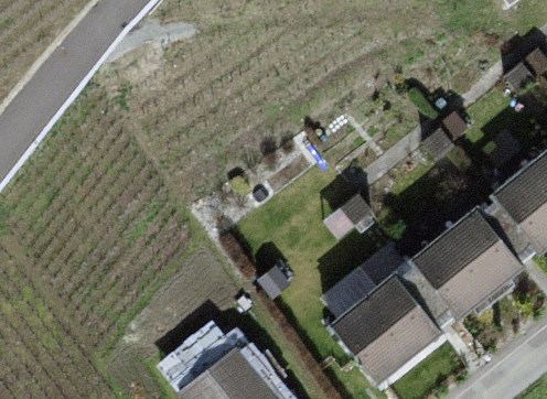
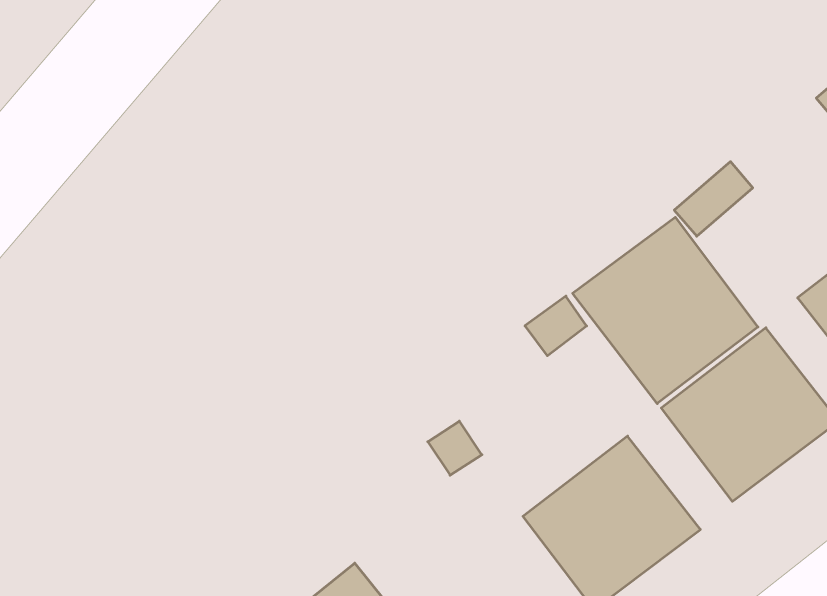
building: none -> [573,217,758,404]

